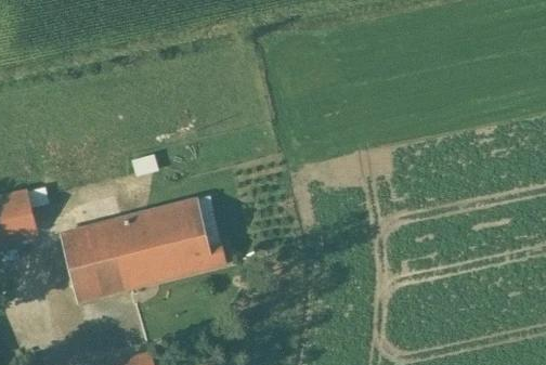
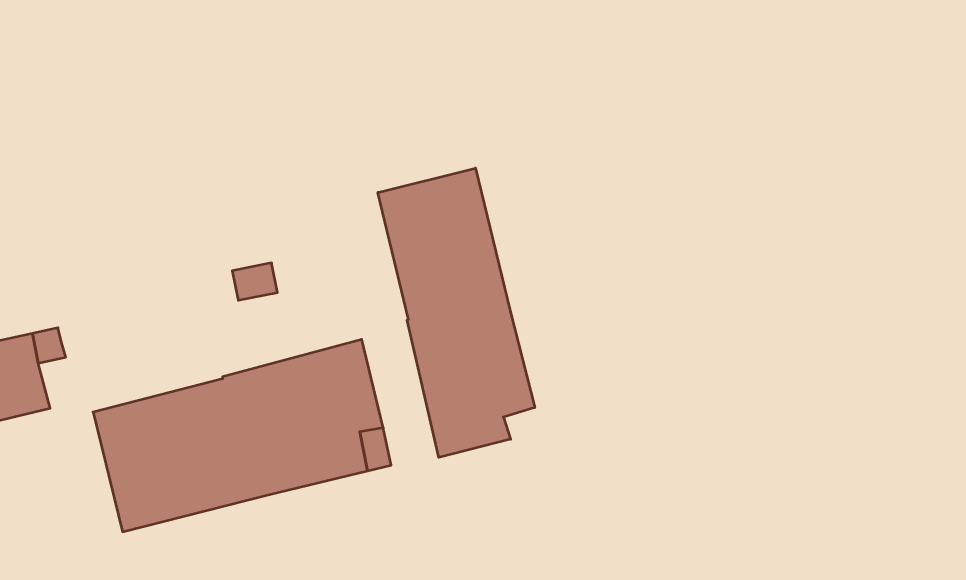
building: none -> [378,168,535,457]

